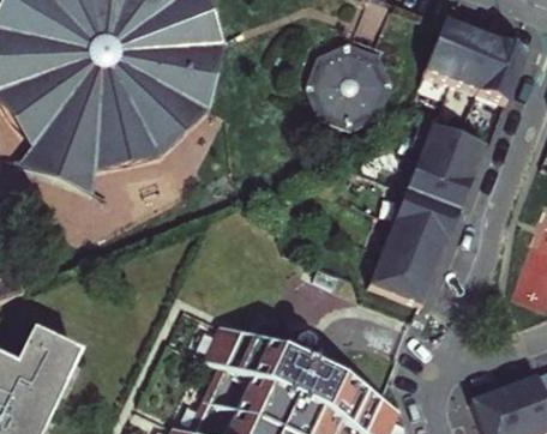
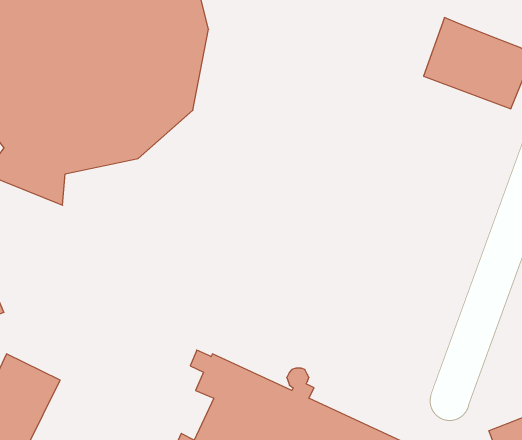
building: [319,54,391,126] -> none
building: [361,127,479,308] -> none

